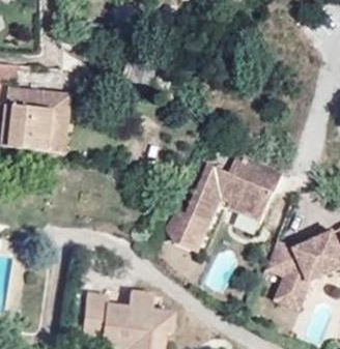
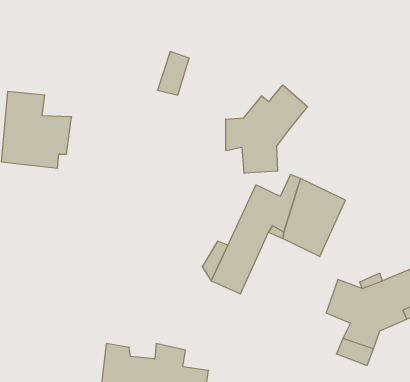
building: none -> [226,85,308,173]
building: [36,90,70,150] -> none

